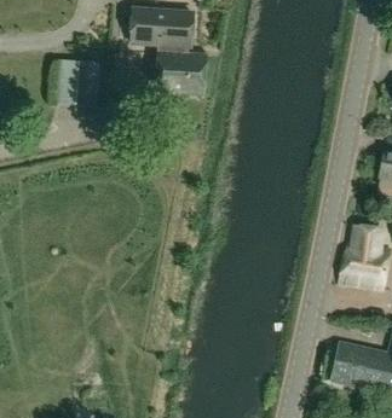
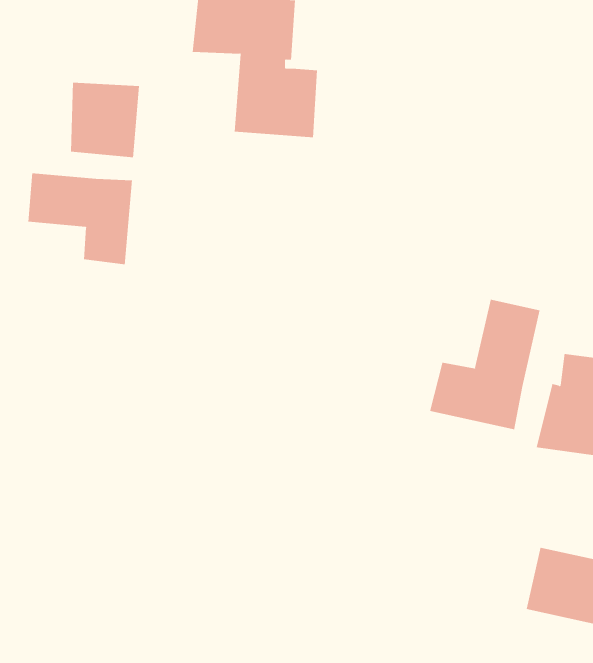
building: none -> [28,172,132,265]
building: none -> [429,299,540,430]

